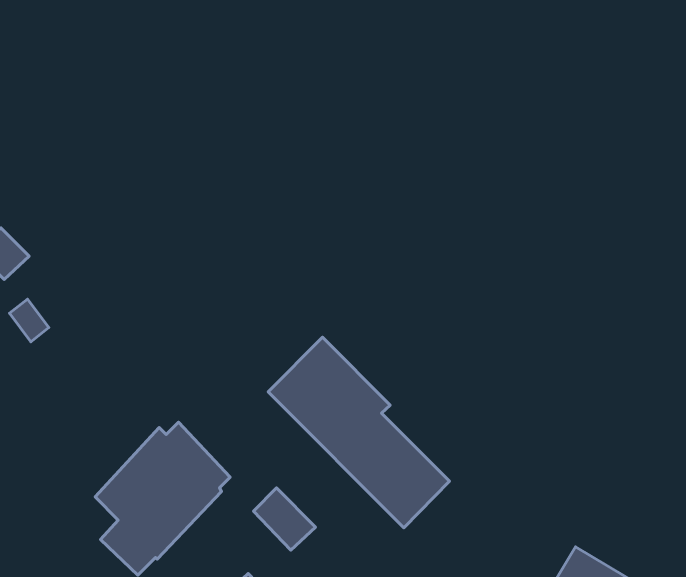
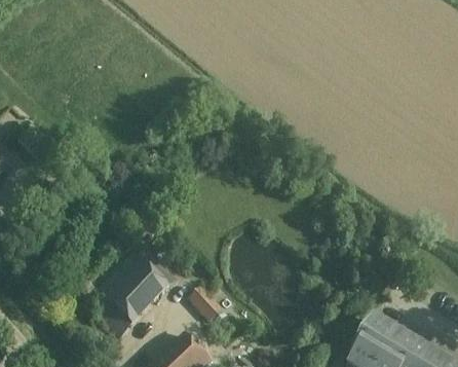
building: [268,337,450,528] -> none

